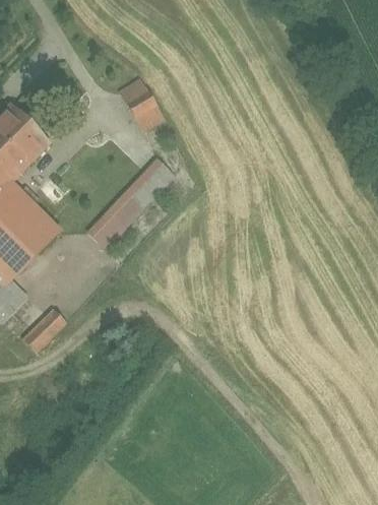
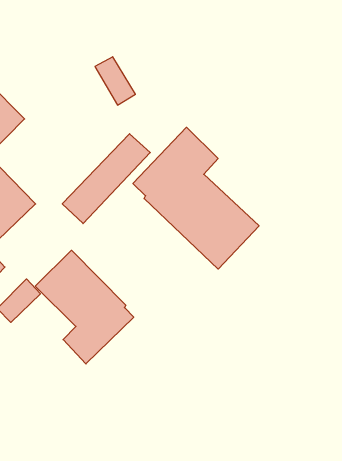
building: none -> [133,127,259,269]
building: none -> [35,250,134,364]

